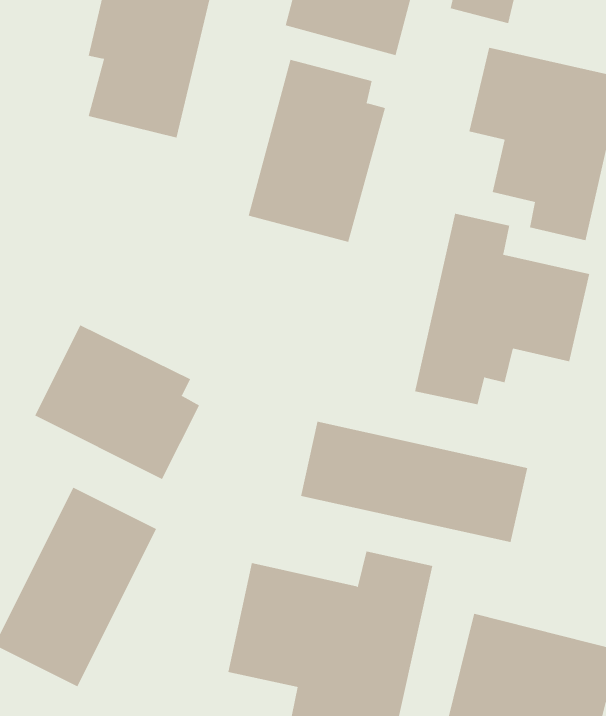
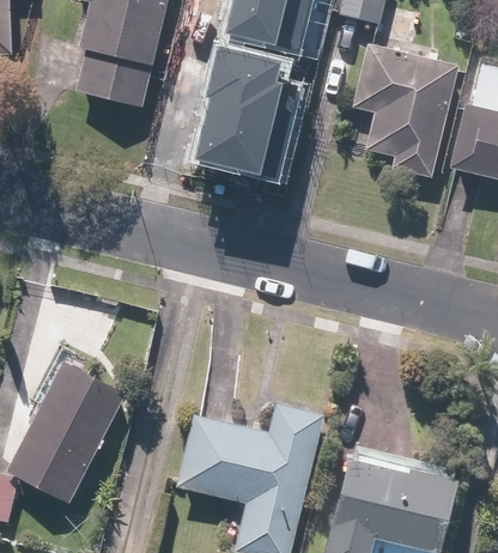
building: [414,213,590,405] -> none
building: [34,324,200,480] -> none
building: [301,421,528,543] -> none

